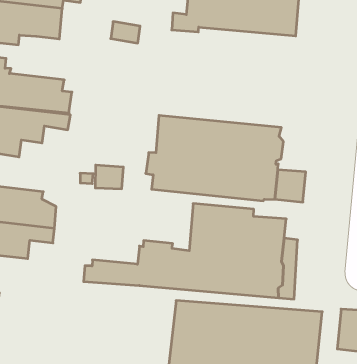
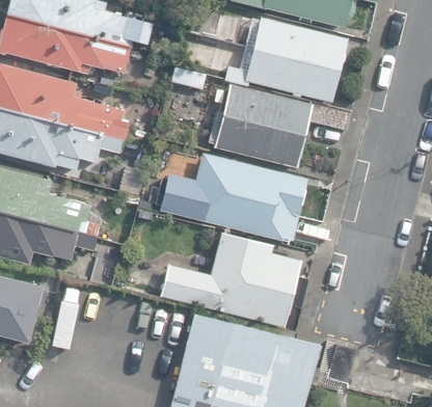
building: none -> [208,85,351,167]

